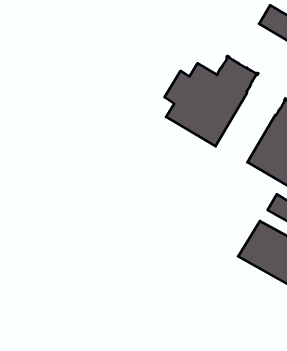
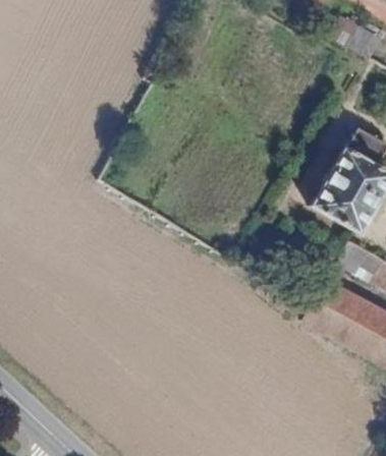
building: [165,56,258,146] -> none

